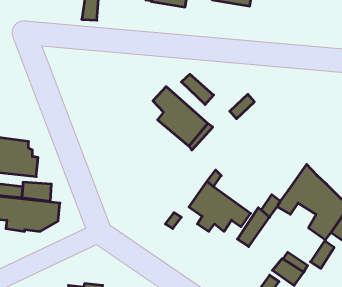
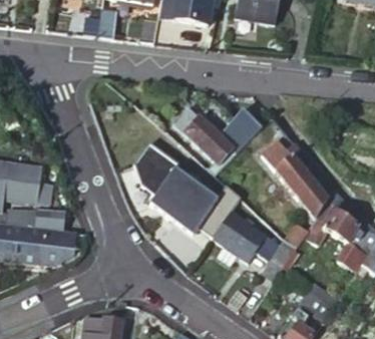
building: none -> [263,133,336,218]
building: none -> [137,136,223,219]

